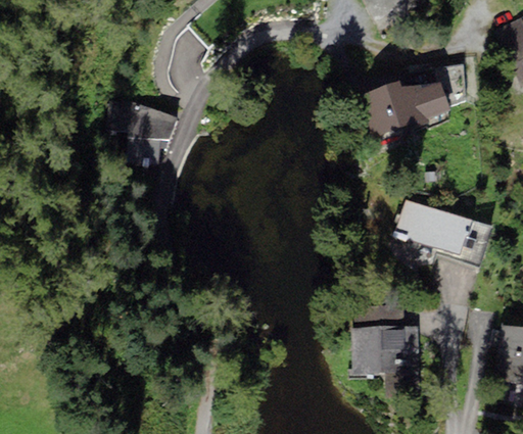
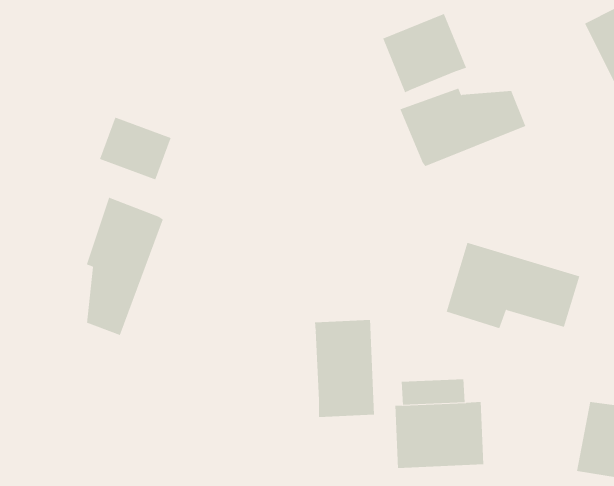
building: none -> [382,13,467,93]
building: none -> [86,197,164,336]
building: none -> [315,319,374,418]

